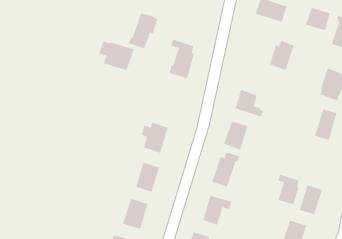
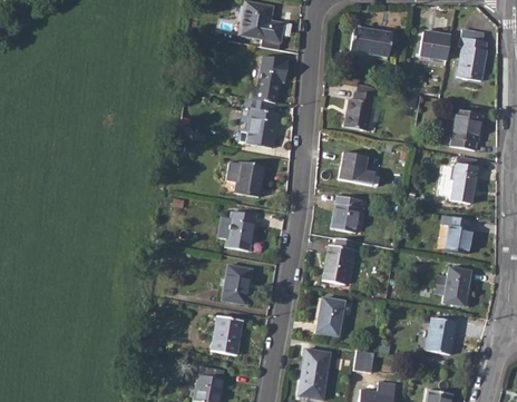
building: [128,12,158,49] -> [252,55,287,102]
building: [269,40,294,71] -> [344,90,374,130]
building: [99,41,134,71] -> [217,160,264,196]
building: [278,174,300,205] -> [441,214,471,253]

